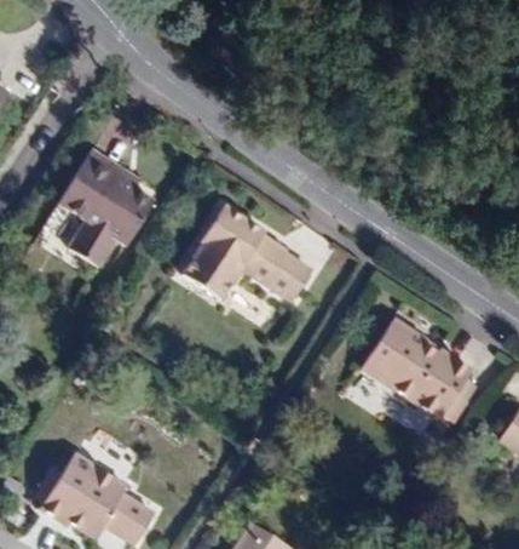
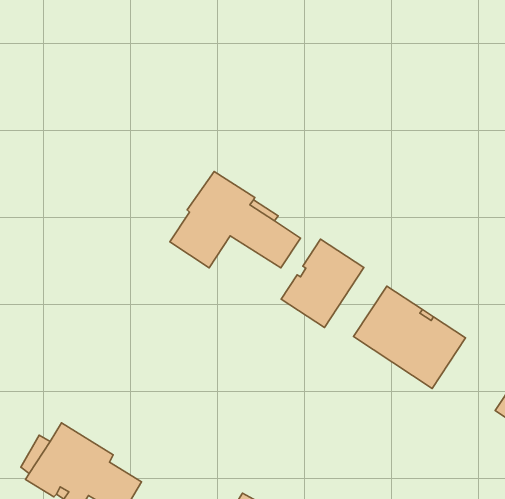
building: [59,139,155,259] -> none
building: none -> [281,239,364,327]

